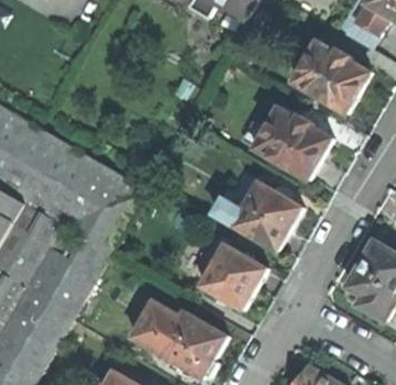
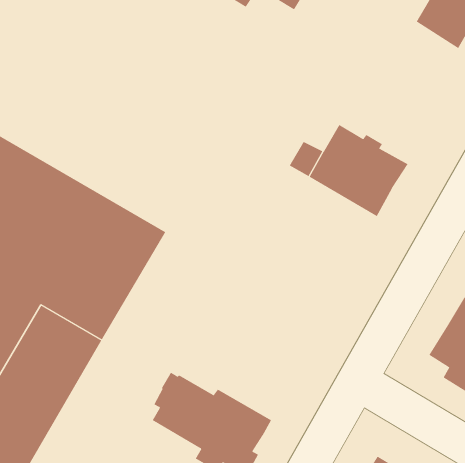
building: [293,42,369,113] -> none
building: [213,183,300,250] -> none
building: [201,240,265,309] -> none

